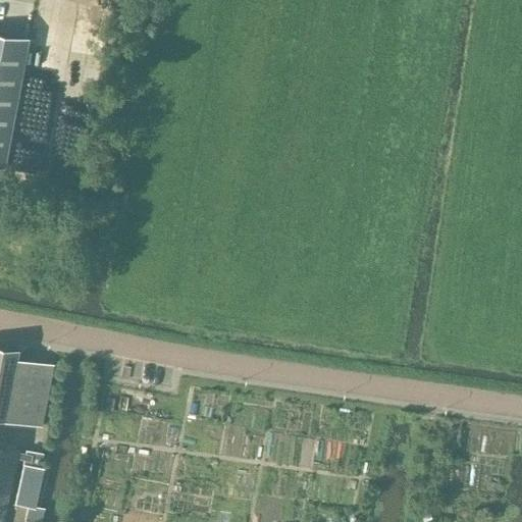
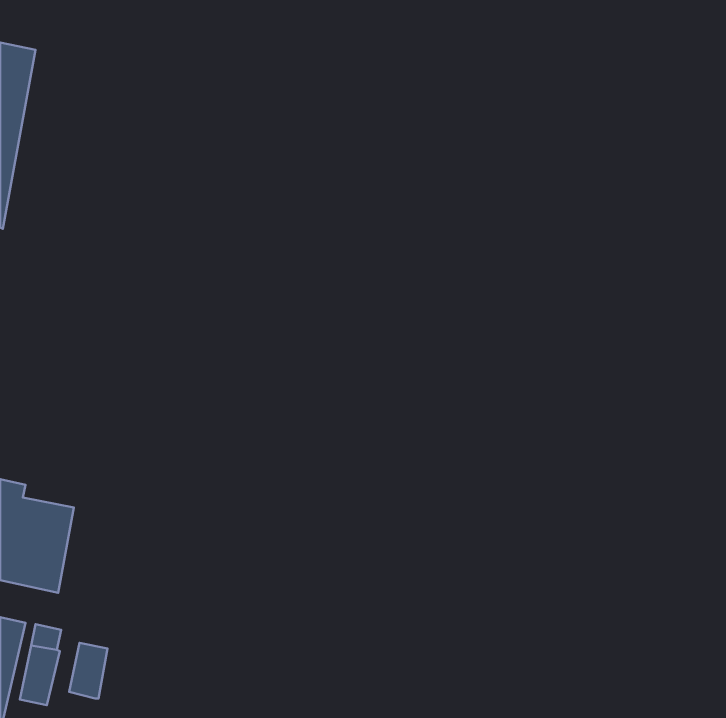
building: none -> [69,643,107,698]

